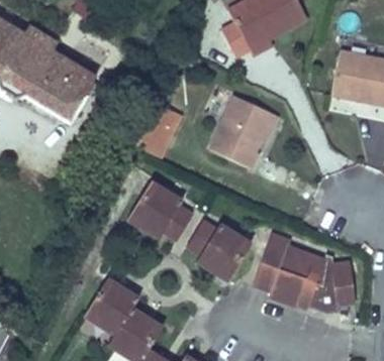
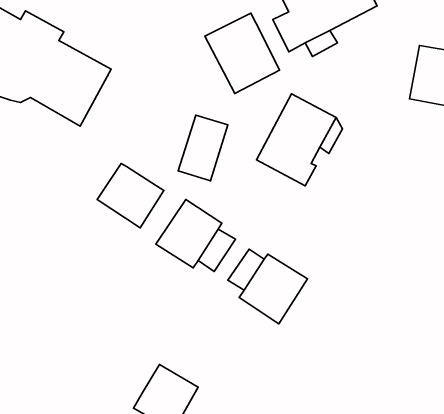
building: none -> [205,13,279,93]
building: none -> [97,163,164,228]
building: [253,228,354,307] -> none
building: [85,279,138,334] -> none

